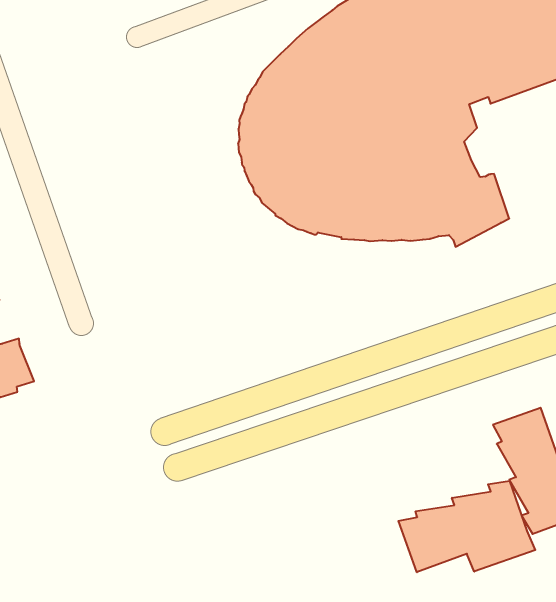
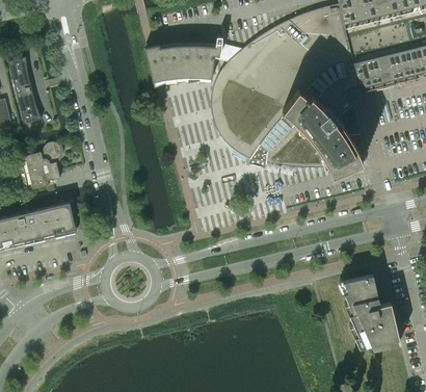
building: none -> [145,36,241,81]
building: [398,481,535,572] -> none

